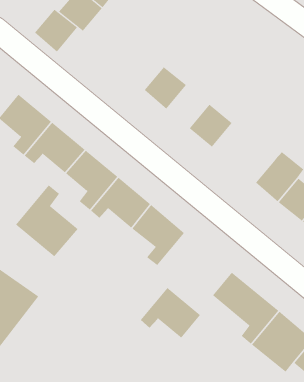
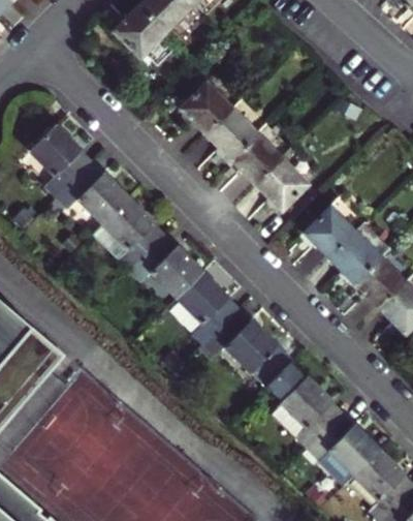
building: [34,9,78,52] -> none
building: none -> [180,81,231,132]
building: none -> [230,131,282,183]
building: none -> [304,205,354,255]
building: [15,184,78,257] -> none
building: [140,287,201,338] -> [202,308,276,371]

